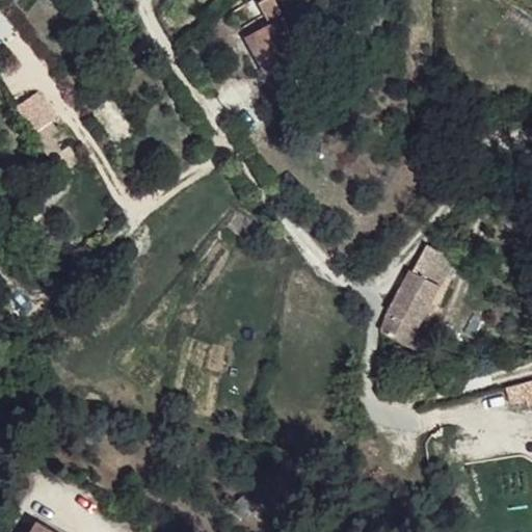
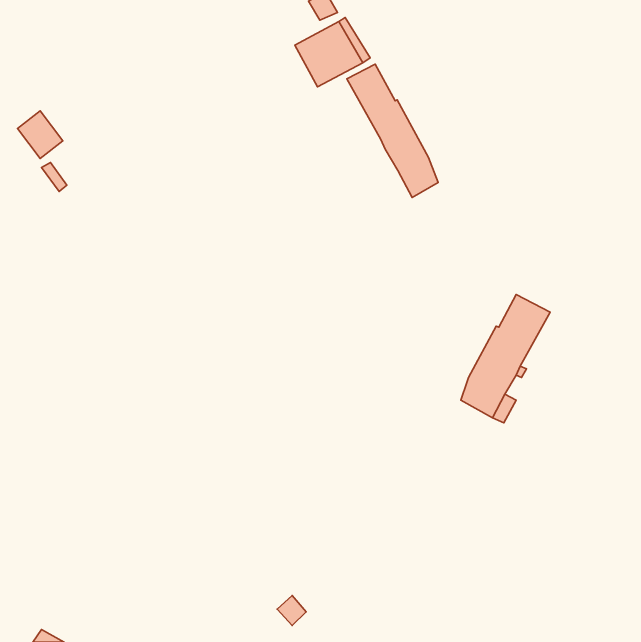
building: none -> [347,64,438,197]

